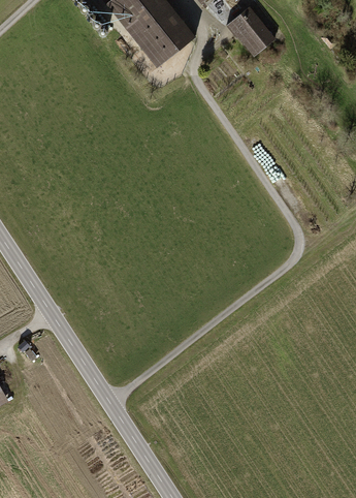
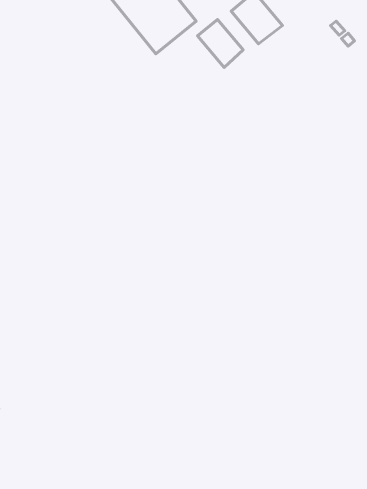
building: none -> [198,19,243,67]

